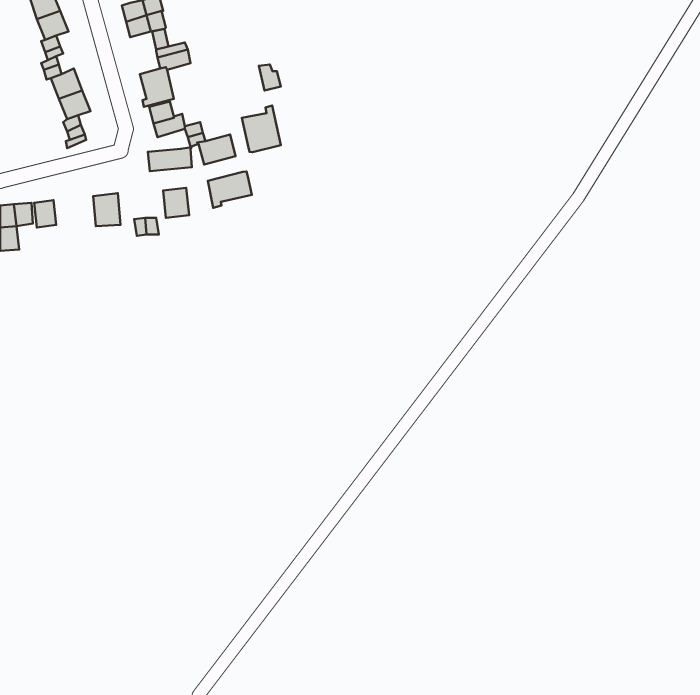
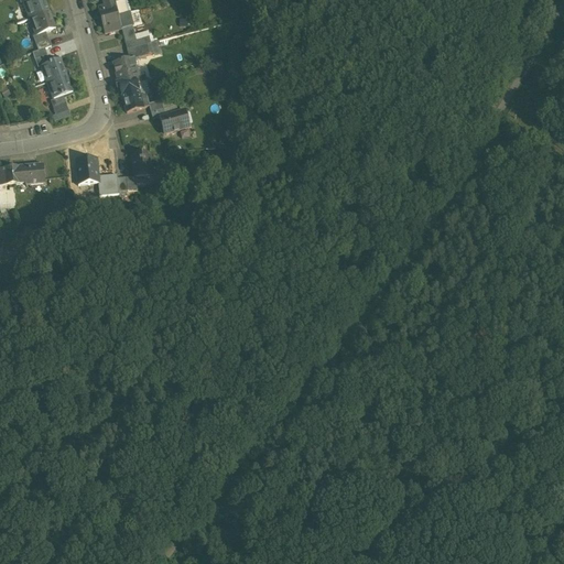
building: [242,106,281,152] -> none
building: [148,147,192,171] -> none
building: [208,172,252,208] -> none

